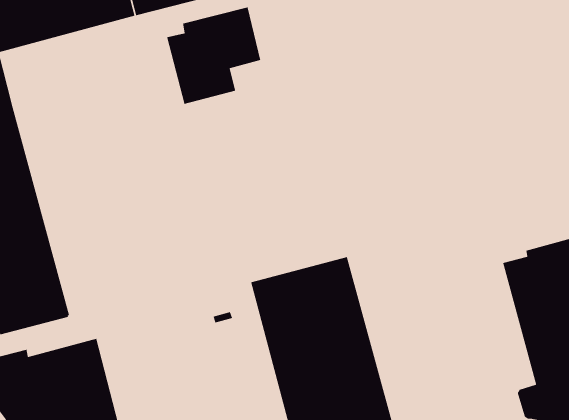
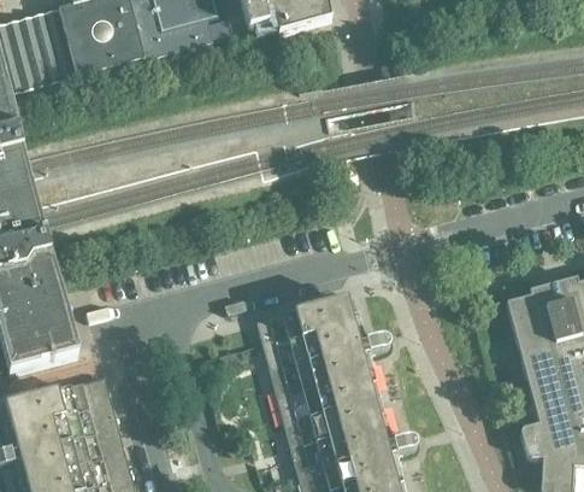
building: [166,6,261,105] -> none

